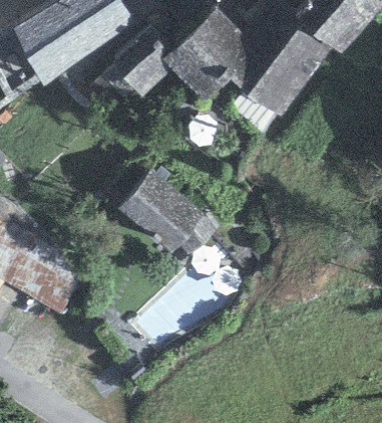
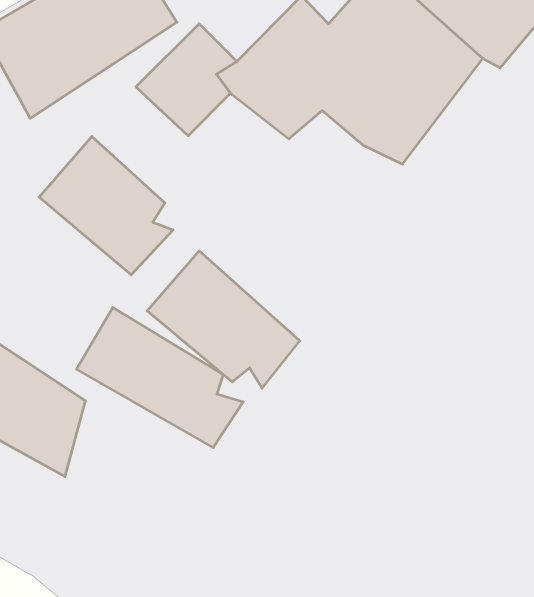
building: none -> [39,136,173,275]
building: none -> [77,307,243,448]

